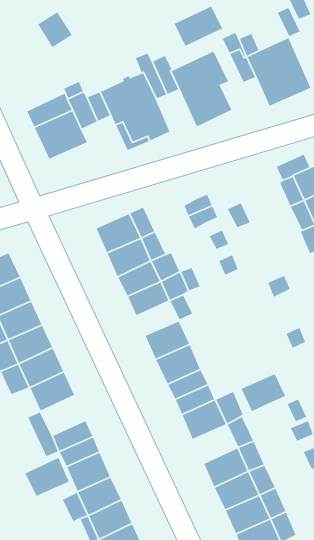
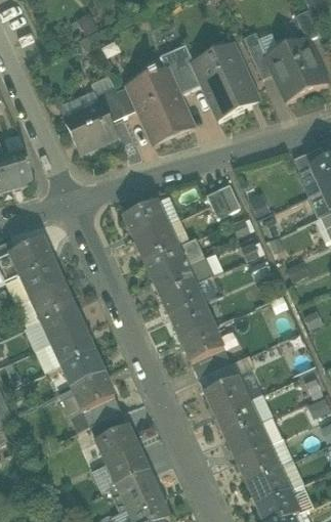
building: [173,5,223,47] -> none
building: none -> [162,285,203,317]
building: [241,373,286,412] -> [215,401,258,438]
building: [24,457,70,497] -> [72,374,115,411]

